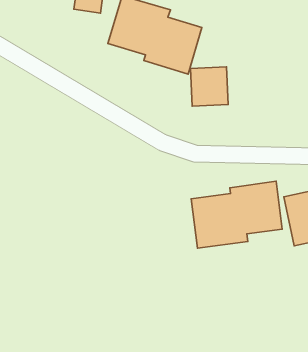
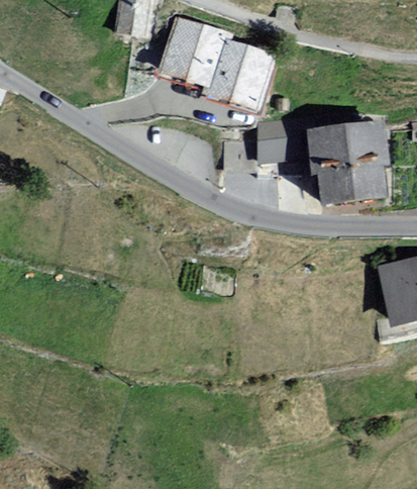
building: none -> [310,123,388,208]
building: [191,181,282,248] -> none

